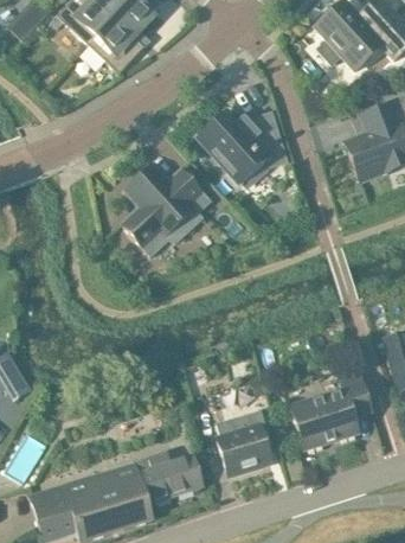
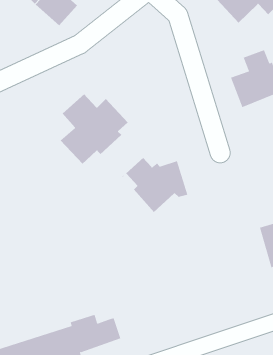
building: [195,109,283,183] -> [122,157,188,213]
building: [289,375,369,448] -> none
building: [214,409,270,474] -> none

